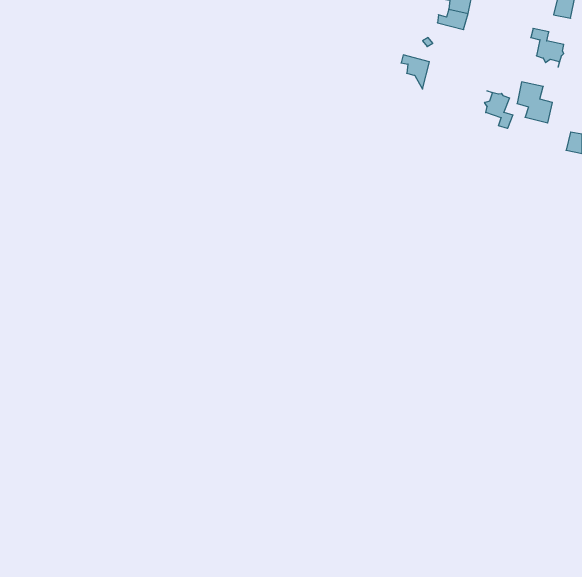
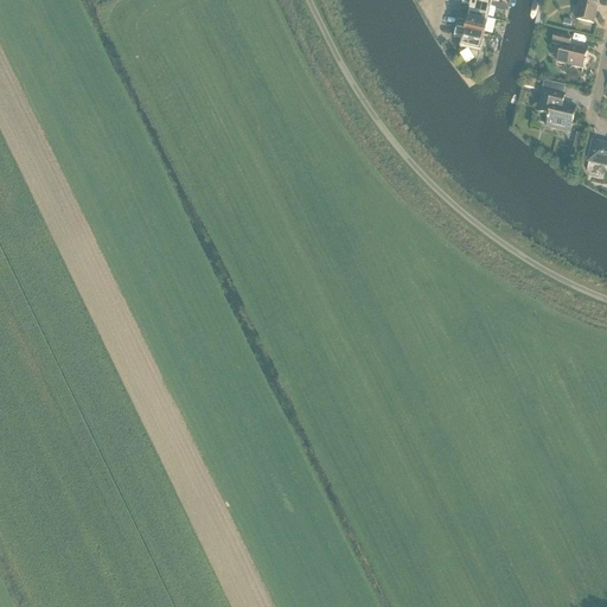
building: [401,55,429,89] -> [453,24,483,59]
building: [485,91,513,128] -> none

